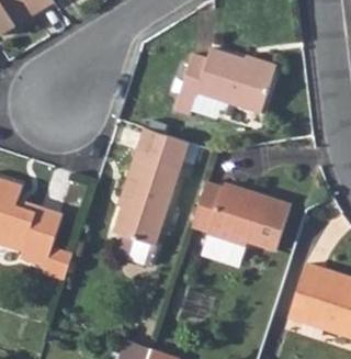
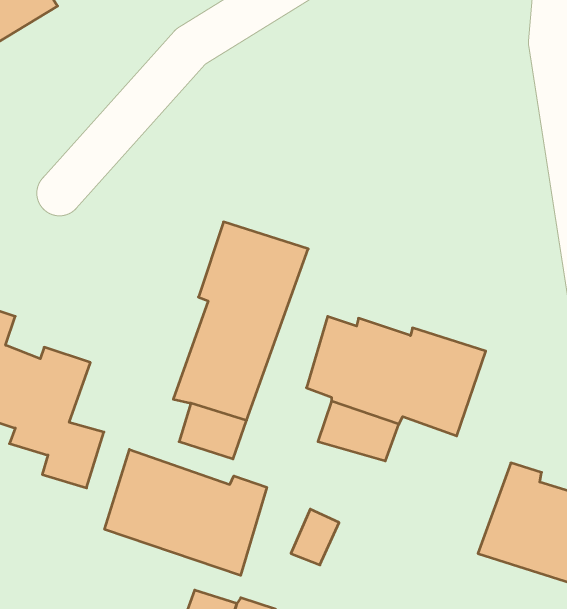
building: [171,47,272,113] -> none
building: none -> [105,449,267,575]

